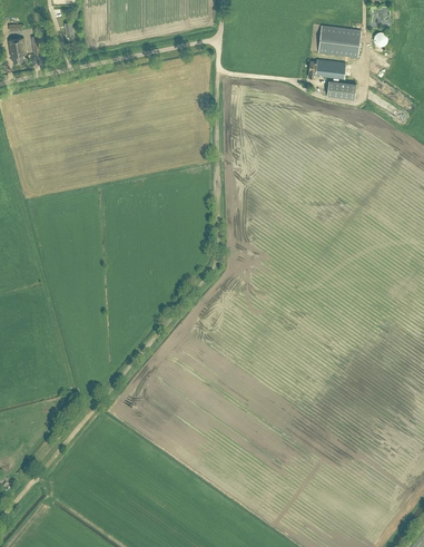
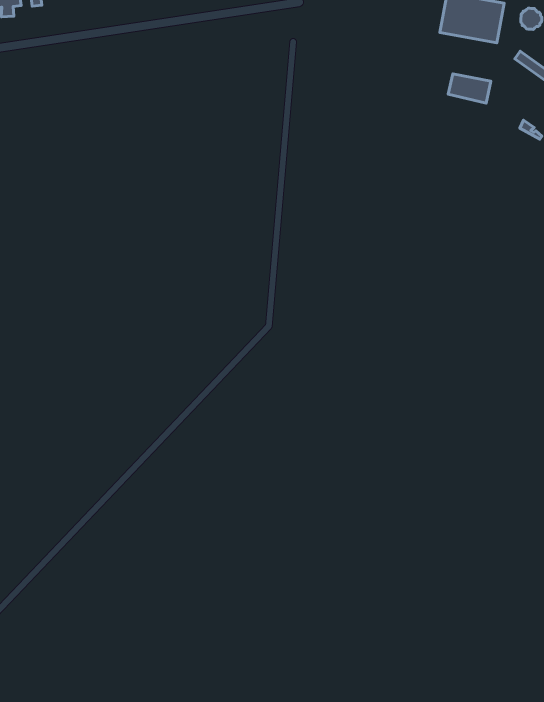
building: [307,60,345,79] -> none

